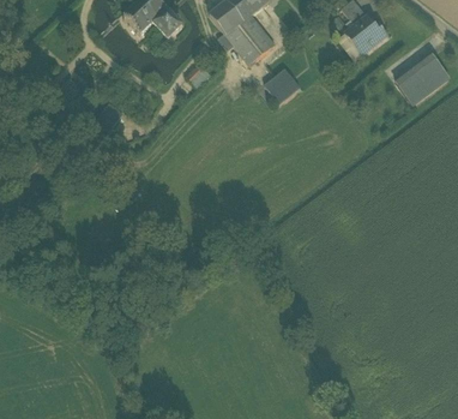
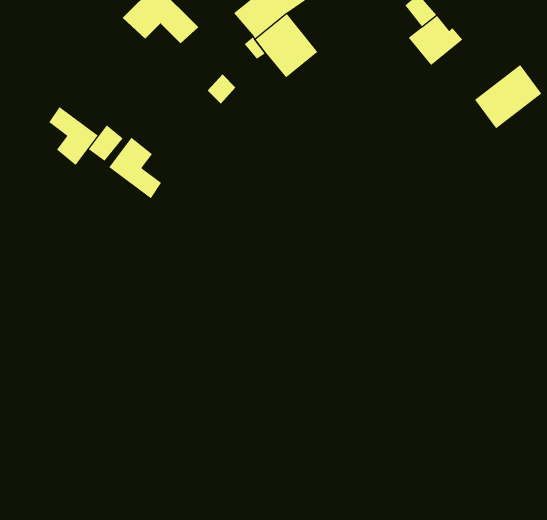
building: [264,67,300,102] -> none
building: none -> [48,106,98,166]
building: none -> [108,137,162,199]

